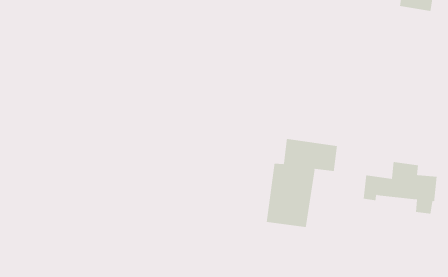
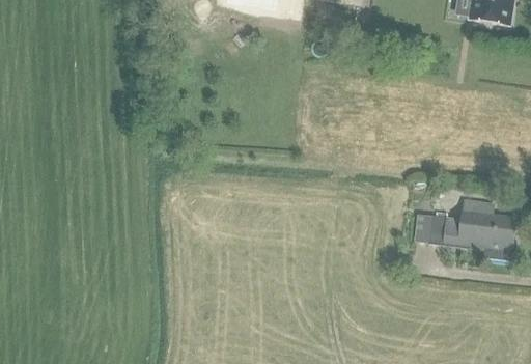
building: [266,138,338,228] -> none

